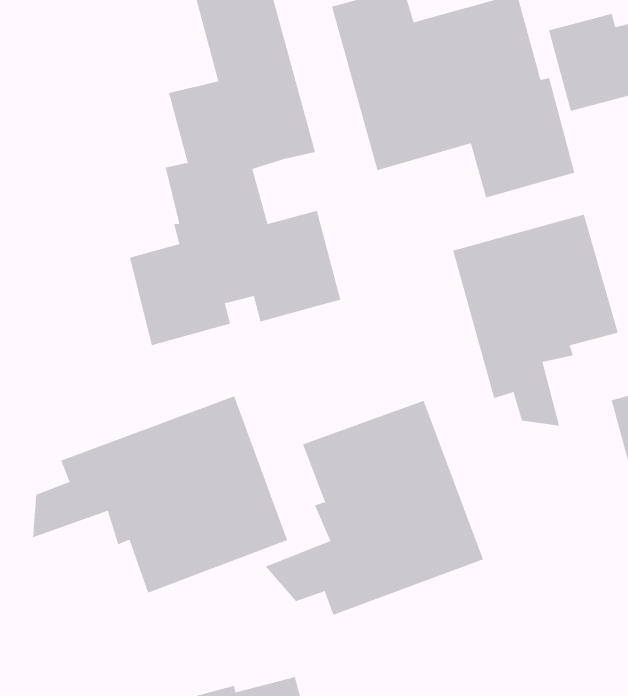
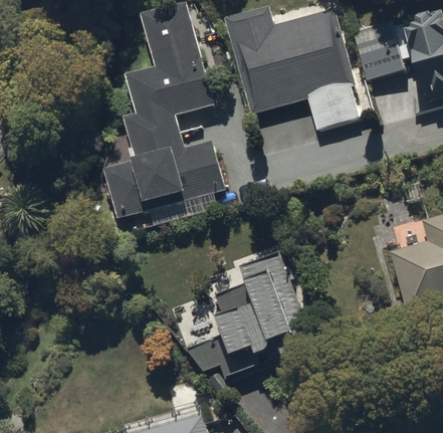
building: [453,214,618,427] -> none
building: [32,396,288,593] -> none

